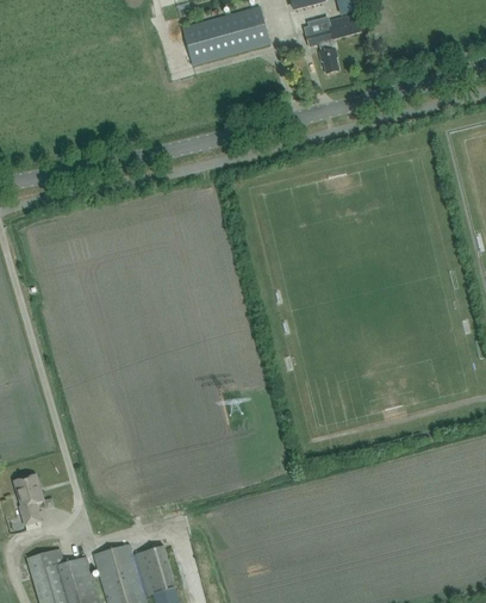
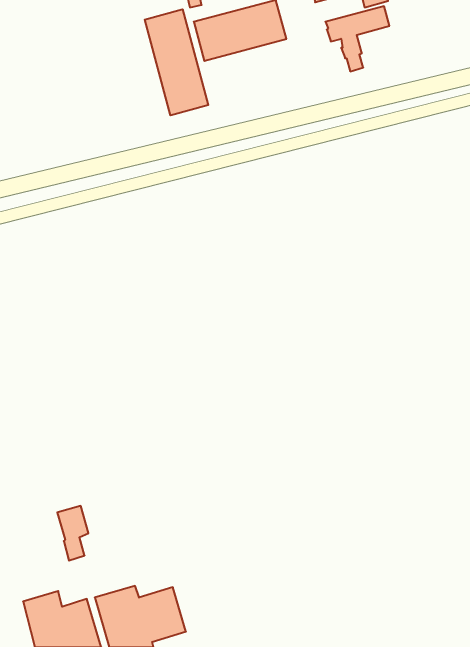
building: none -> [145,9,208,115]
building: [13,474,42,524] -> [57,506,88,561]

